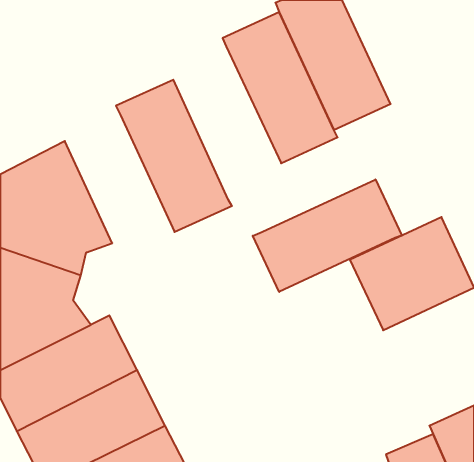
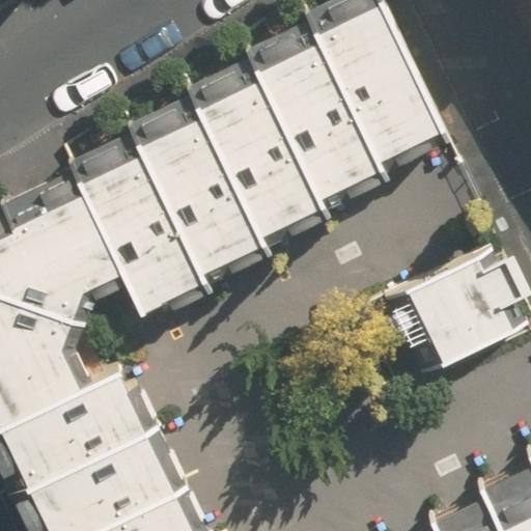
building: none -> [190,65,318,236]
building: none -> [73,142,200,312]
building: [253,179,402,292] -> none

